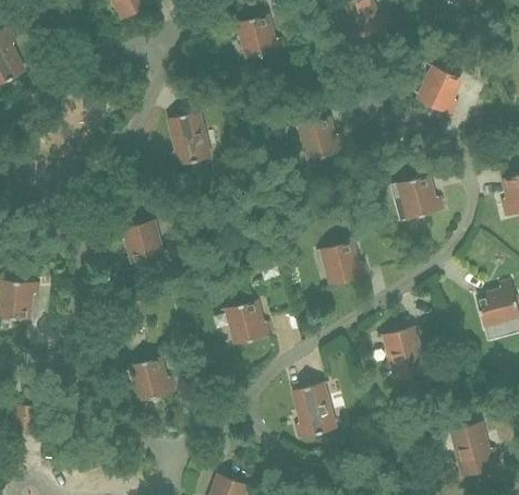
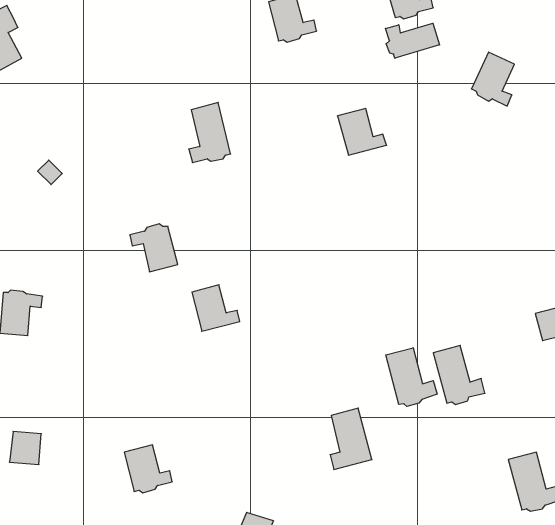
building: none -> [385,23,440,58]
building: [400,177,444,218] -> none
building: [324,243,366,283] -> none
building: [229,302,271,343] -> [192,285,240,331]
building: none -> [386,348,437,406]
building: [132,359,174,401] -> [124,445,172,493]

